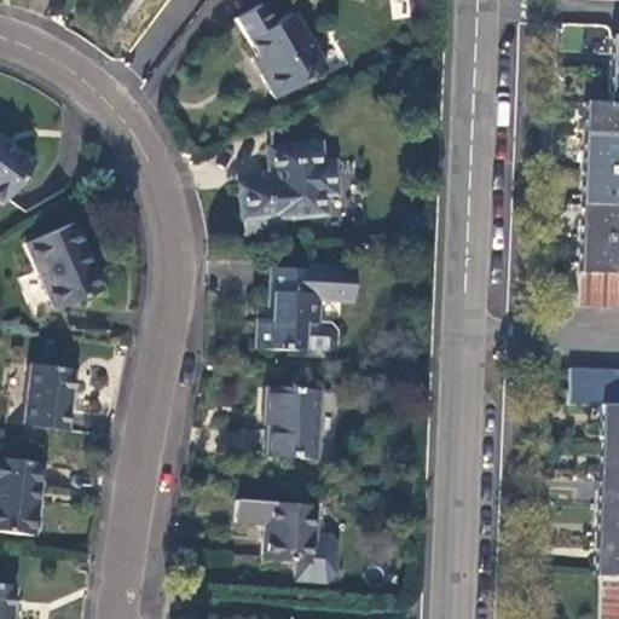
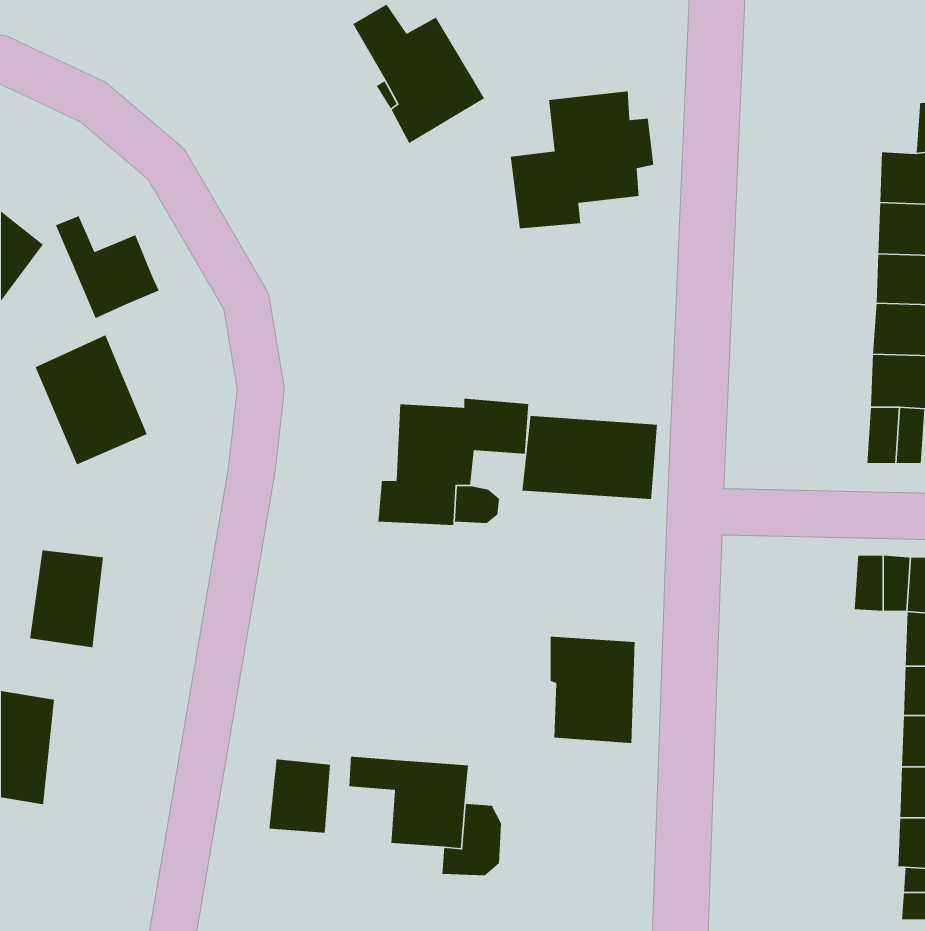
building: [242,141,337,233] -> [510,90,654,229]
building: none -> [55,215,160,319]
building: none -> [521,415,658,500]
building: [264,386,320,457] -> [550,636,636,744]
building: none -> [269,759,331,834]

